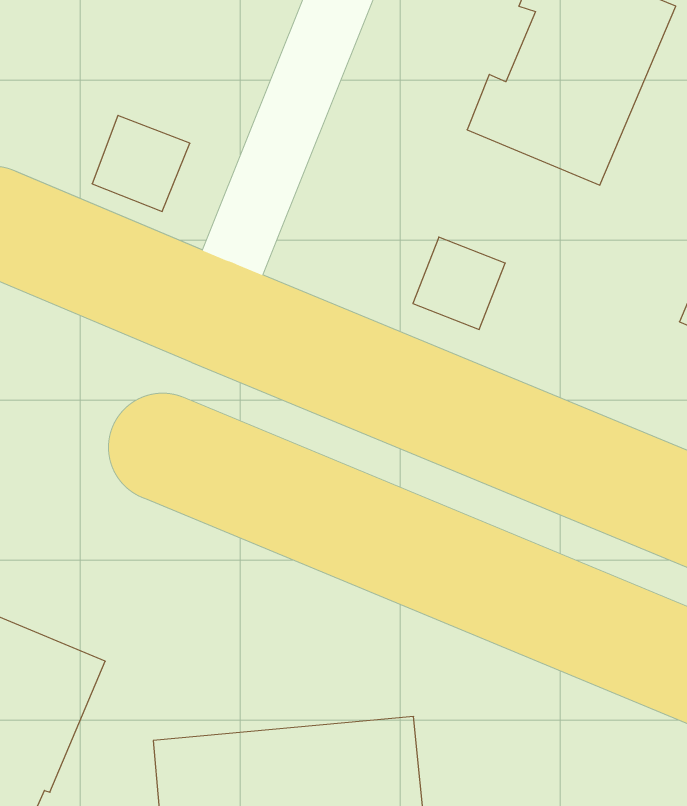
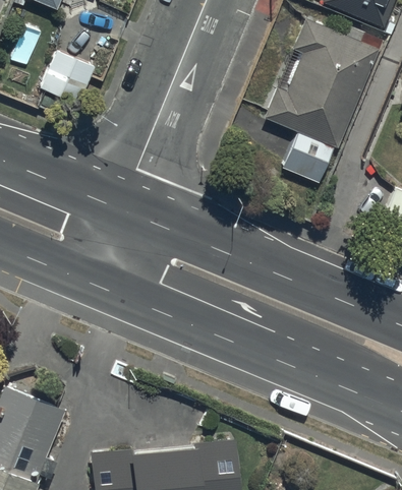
building: [92,115,190,211] -> [42,52,96,105]
building: [413,237,505,329] -> [283,133,334,184]

